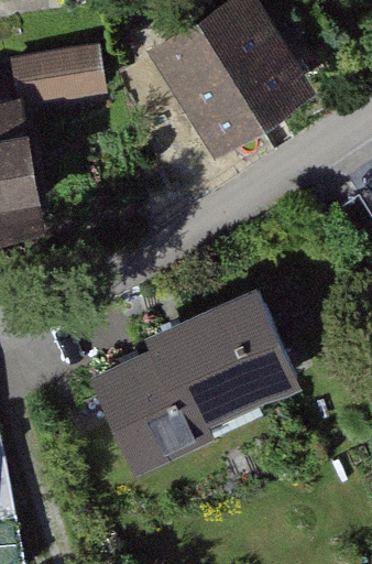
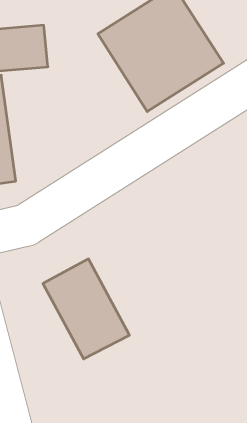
building: [147,292,304,437] -> none

